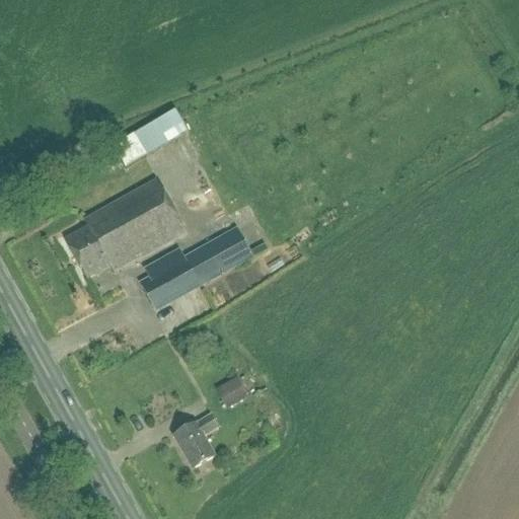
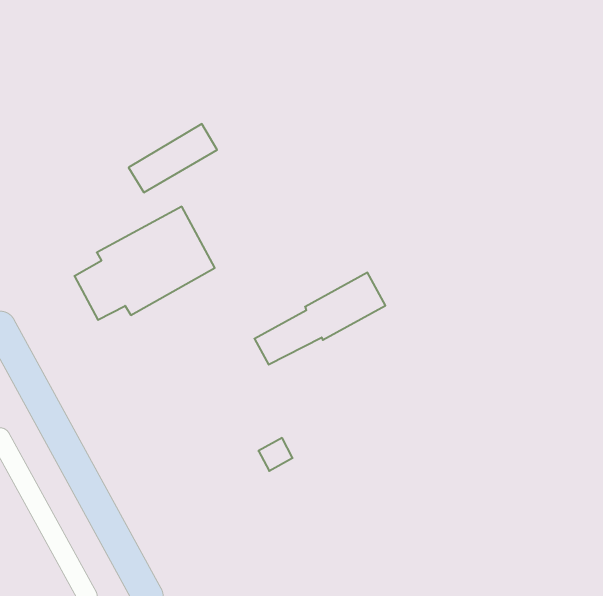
building: [141,225,253,304] -> [254,273,385,365]
building: [173,413,218,466] -> none

